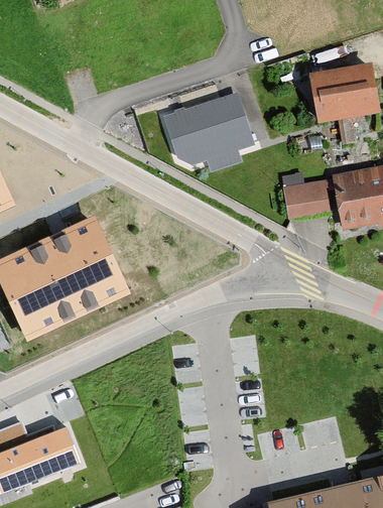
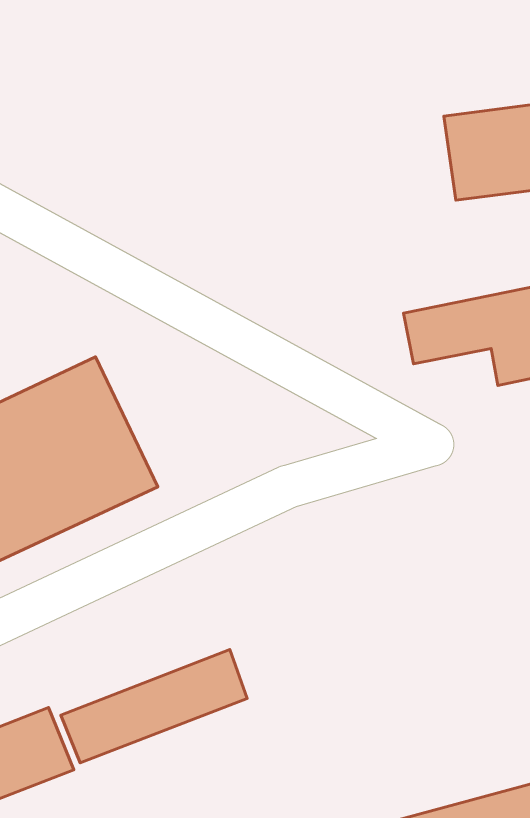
building: [168,97,258,176] -> none
building: none -> [61,650,247,763]

